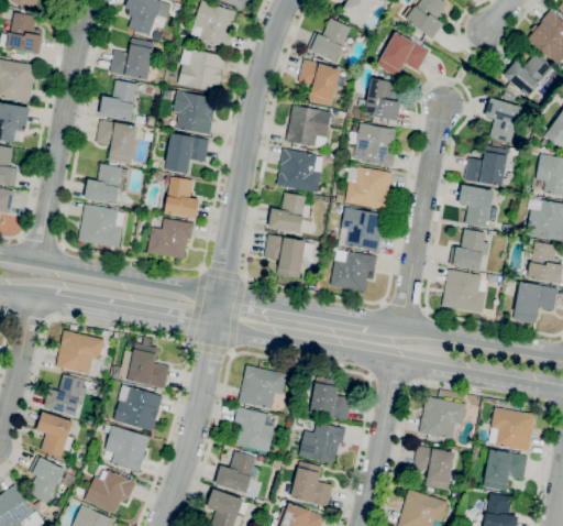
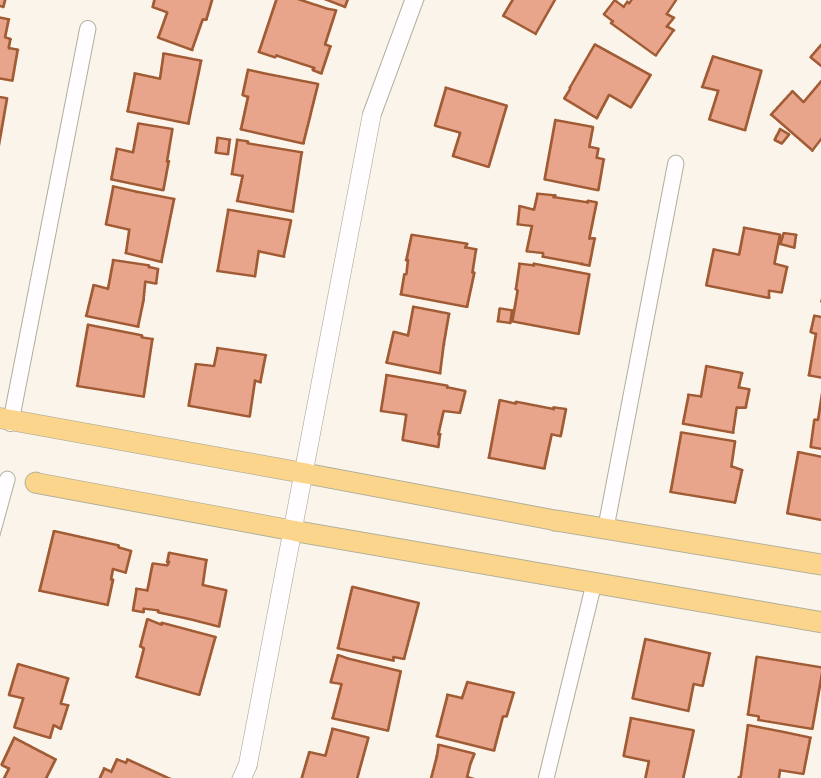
building: [307,18,350,62] -> none
building: [484,98,520,143] -> [702,56,761,130]
building: [286,105,331,147] -> none
building: [164,176,199,219] -> none
building: [459,185,497,227] -> none
building: [338,207,384,251] -> none
building: [43,373,85,416] -> none
building: [306,377,352,421] -> none
building: [104,425,150,471] -> none

